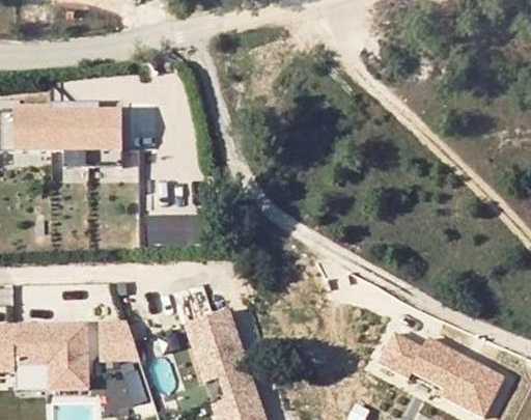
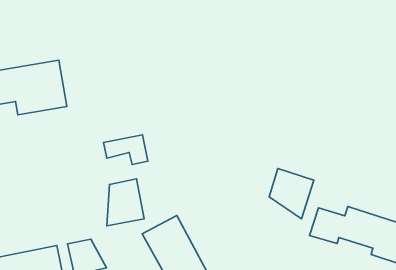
building: none -> [107,179,144,226]
building: none -> [269,168,314,219]

